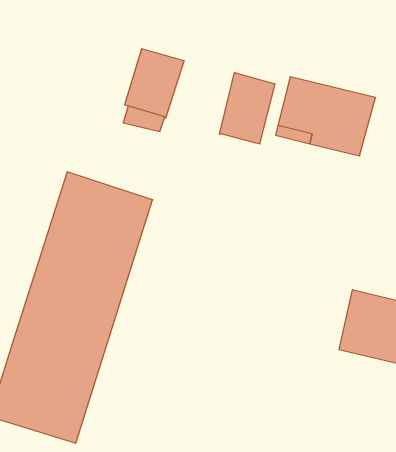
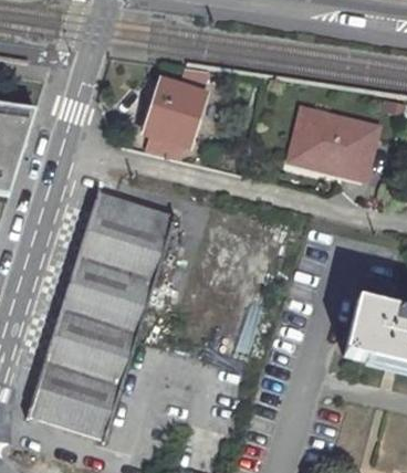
building: [219,72,275,144] -> none

